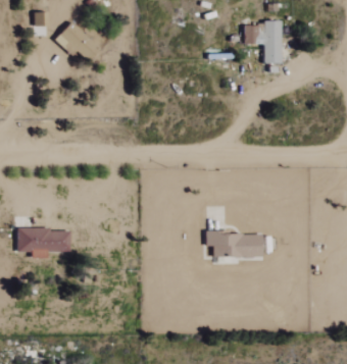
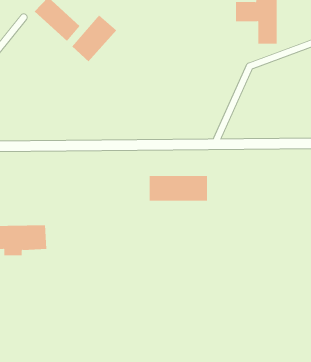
building: none -> [72,15,117,62]
building: [208,232,262,256] -> [149,176,208,201]

